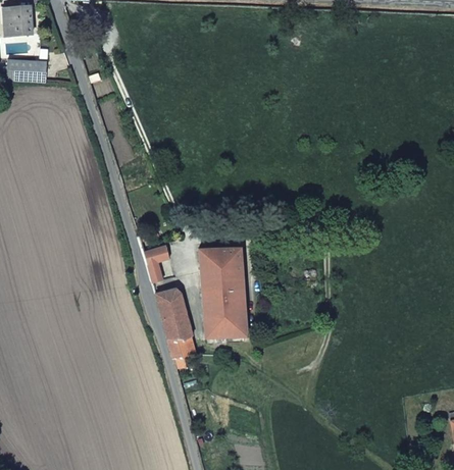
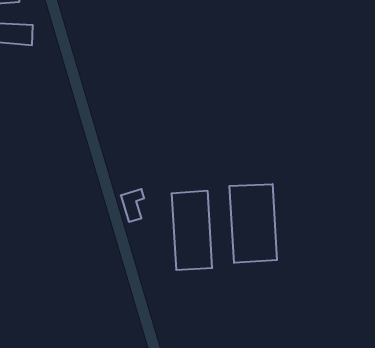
building: none -> [230,184,277,263]
building: [154,286,192,358] -> none

